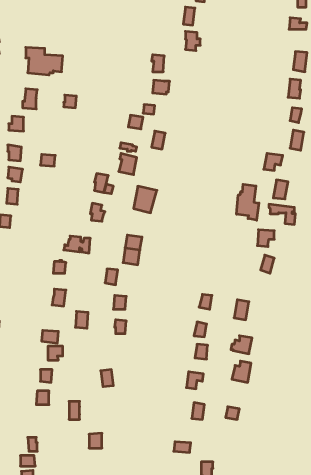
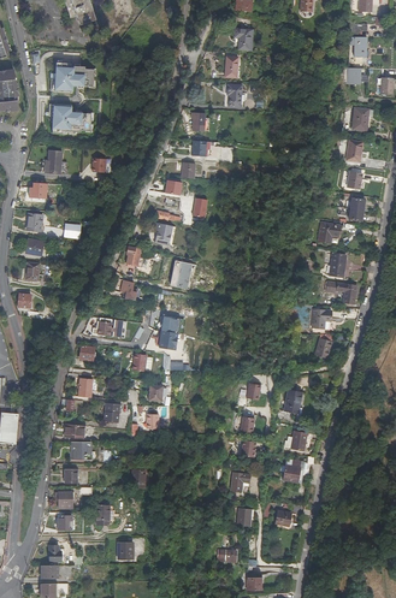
building: none -> [48,61,91,91]
building: [237,184,259,220] -> none

